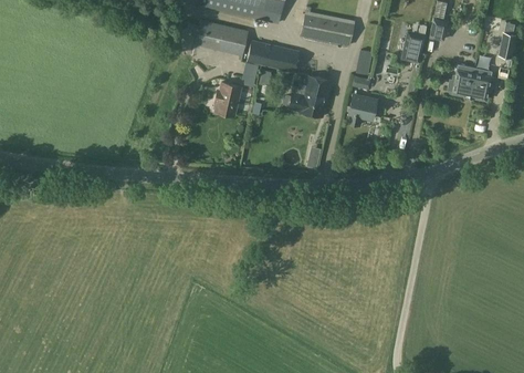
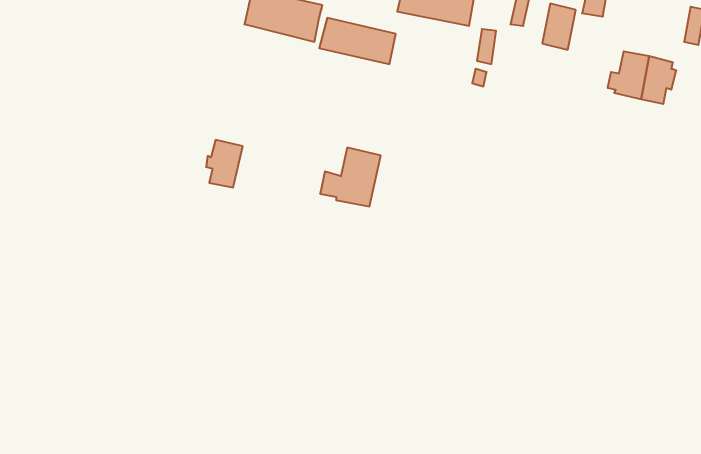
building: [289,75,331,116] -> [320,148,381,206]
building: [216,83,241,116] -> [206,140,243,188]
building: [347,95,377,126] -> none

